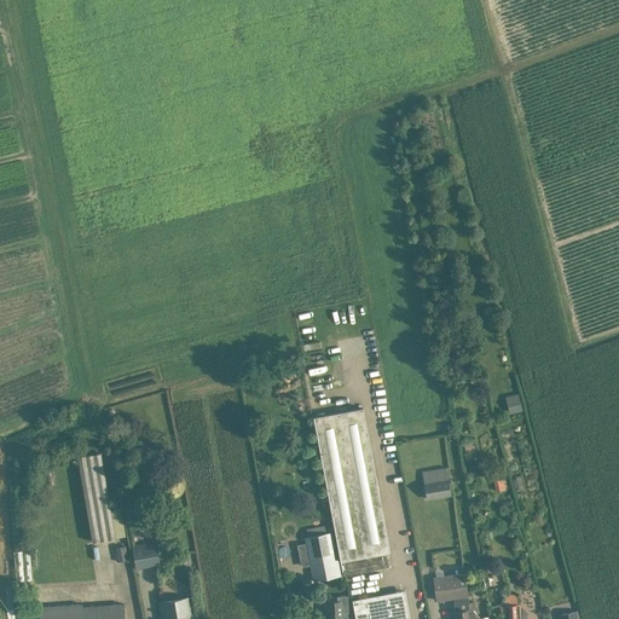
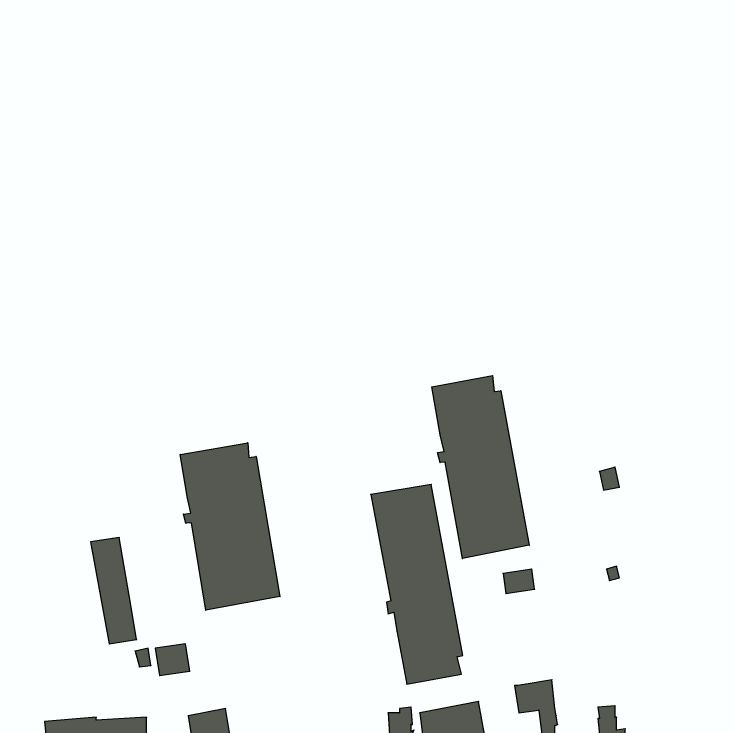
building: none -> [432,376,529,559]
building: none -> [180,443,280,610]
building: [296,533,337,582] -> none

